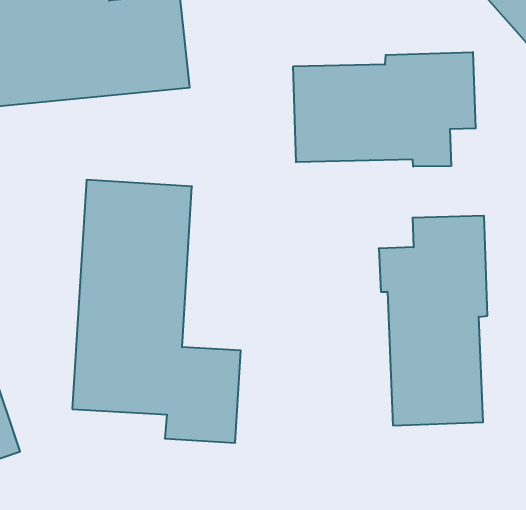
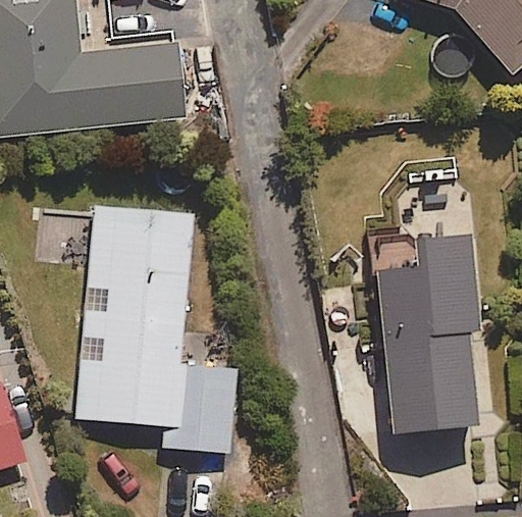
building: [293,52,476,167] -> none

